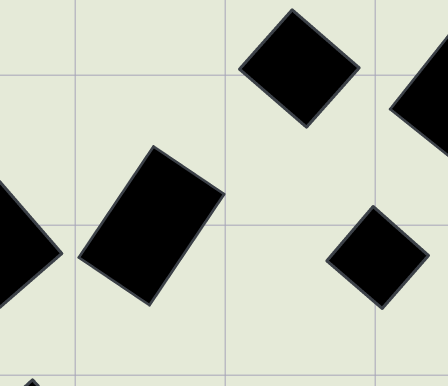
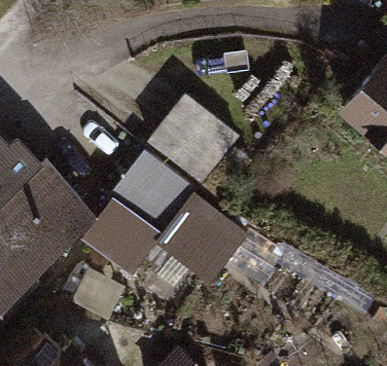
building: [239,10,359,127] -> [151,94,247,187]
building: [327,207,428,308] -> [171,197,252,279]

